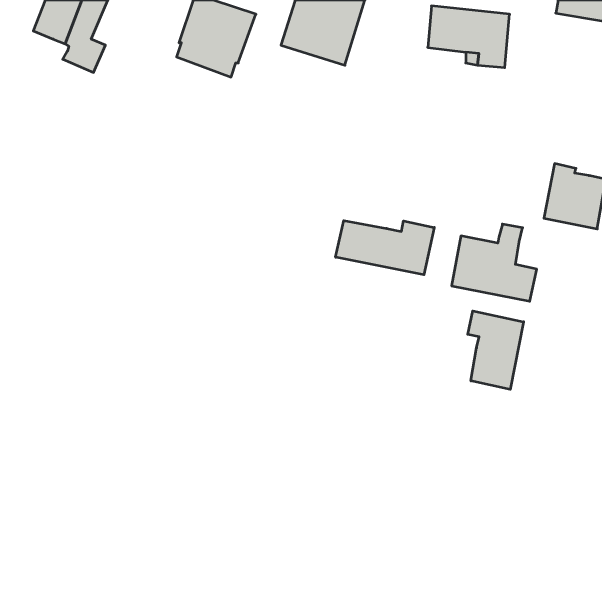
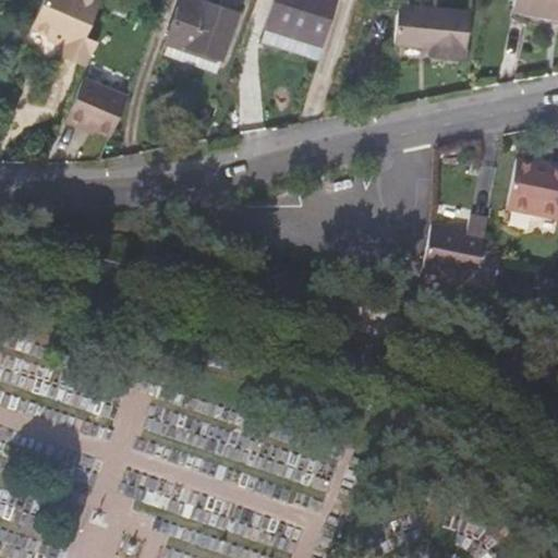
building: none -> [69,73,131,131]
building: [336,221,434,275] -> none
building: [468,311,524,389] -> none

